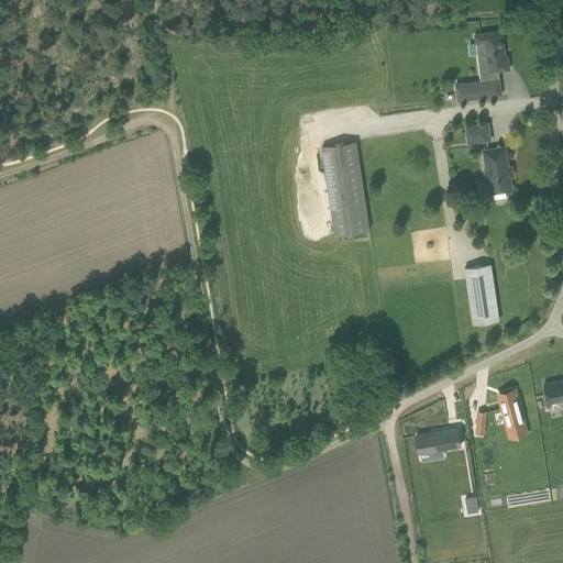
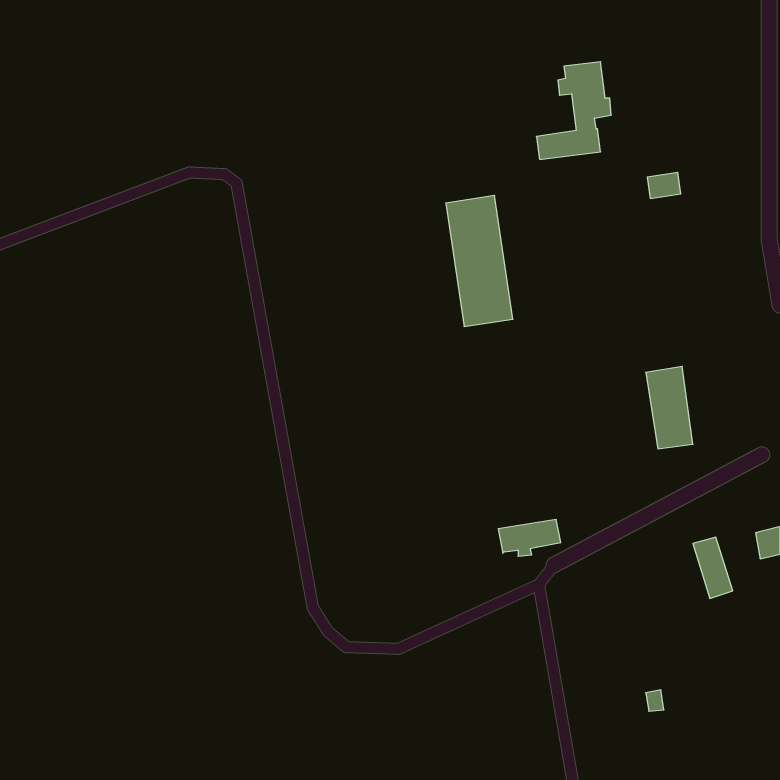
building: [455,31,509,101] -> [536,62,611,159]
building: [484,146,514,199] -> none
building: [416,429,461,455] -> [498,520,561,556]

